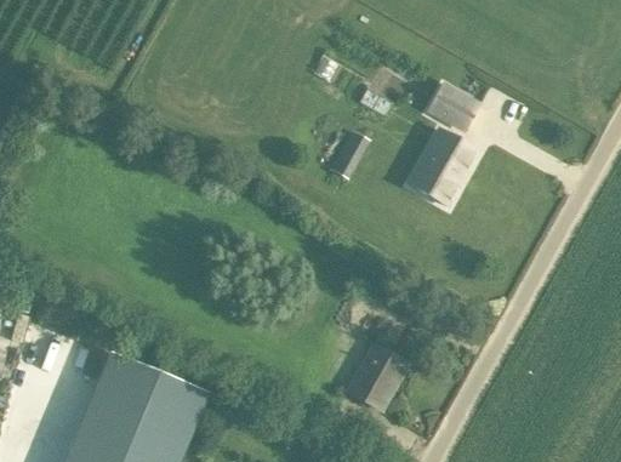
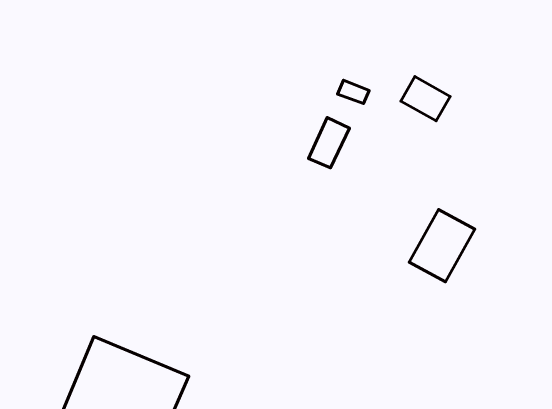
building: [410,130,478,205] -> [409,209,475,282]
building: [346,344,408,409] -> none

